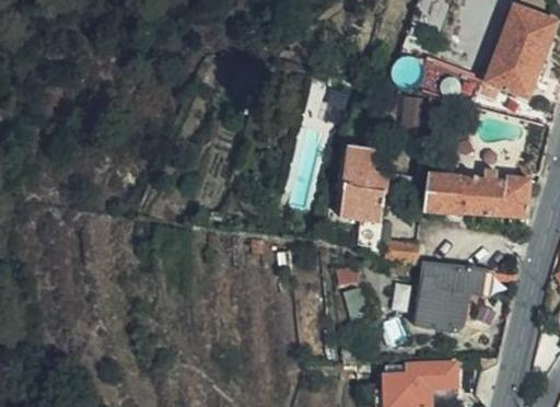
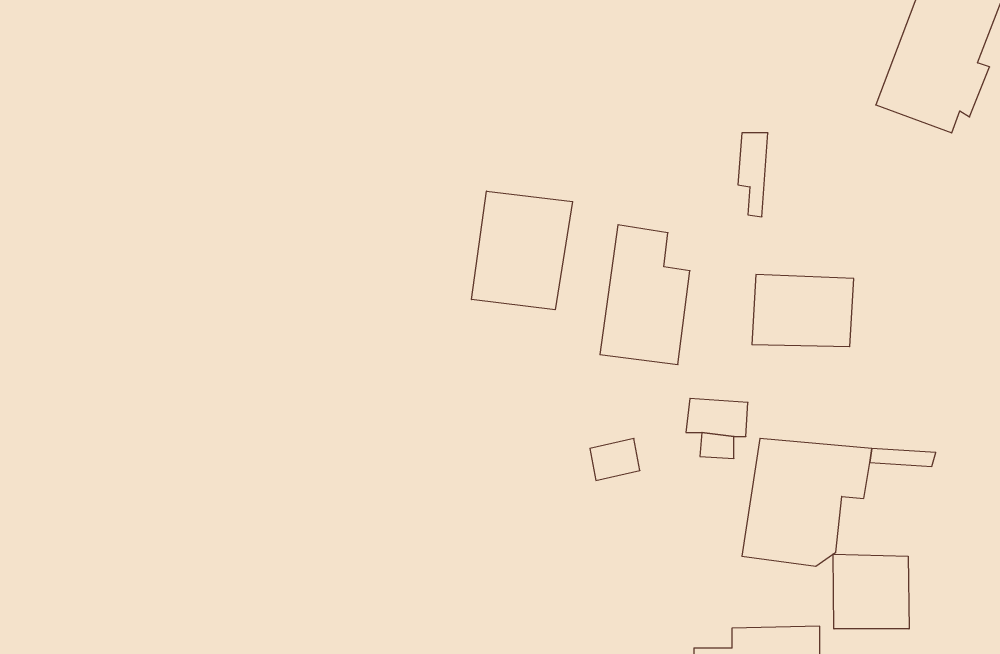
building: none -> [472,191,573,310]
building: [472,170,530,216] -> none
building: none -> [833,554,909,629]

